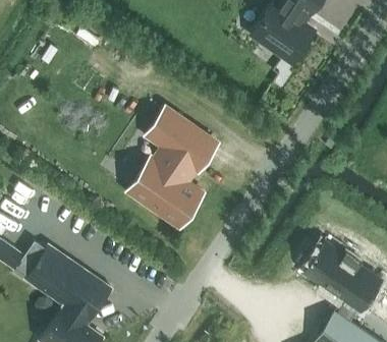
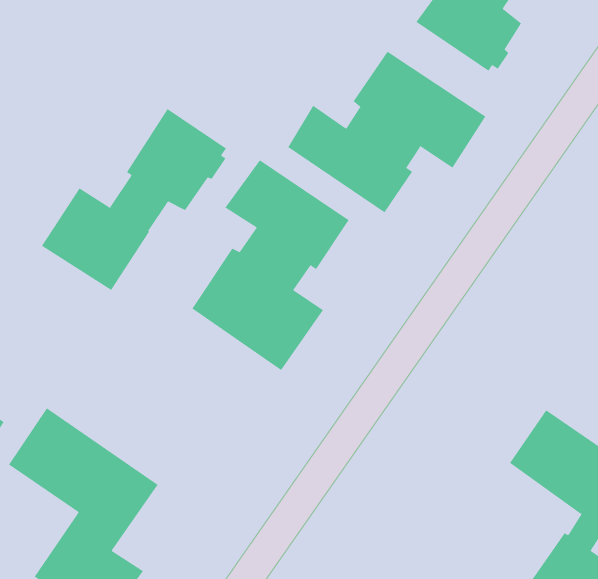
building: none -> [287,51,486,213]
building: none -> [41,108,227,291]

